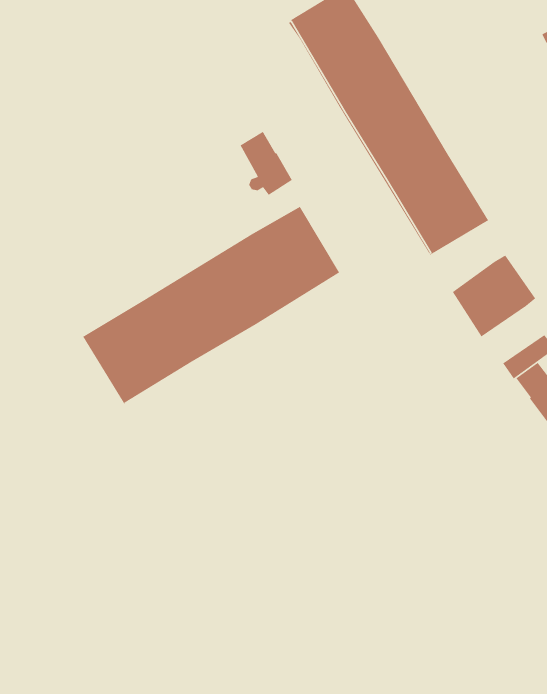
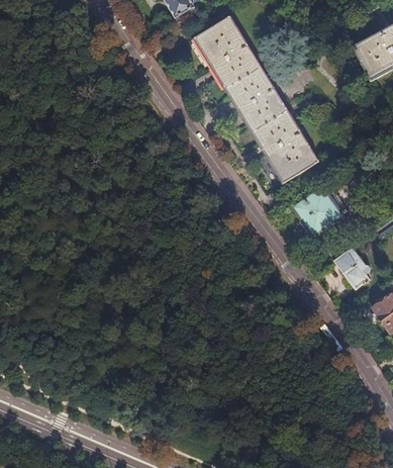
building: [239,131,293,196] -> none
building: [82,206,342,407] -> none

